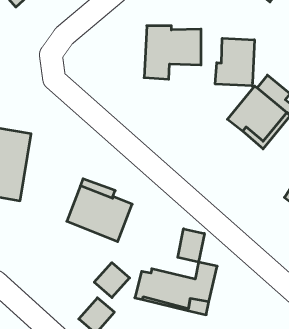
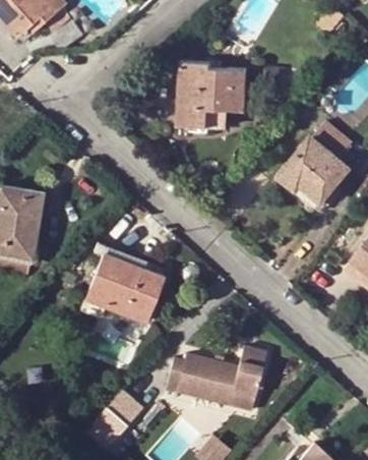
building: [215,38,254,86] -> none
building: [178,229,204,262] -> none
building: [94,263,130,298] -> none

